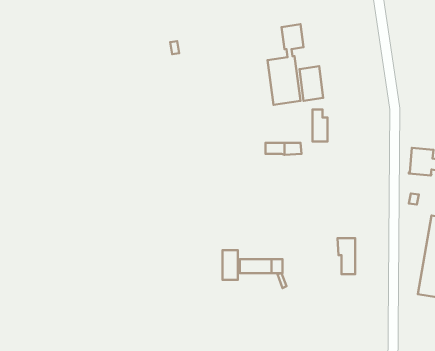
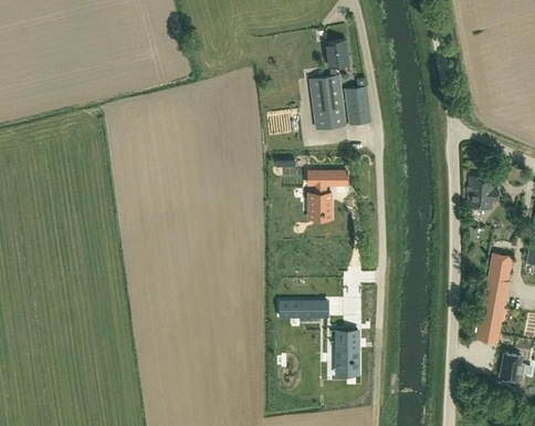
building: [313,110,328,141] -> [314,184,331,219]
building: [337,238,355,274] -> [337,330,357,370]
building: [222,250,238,280] -> none

